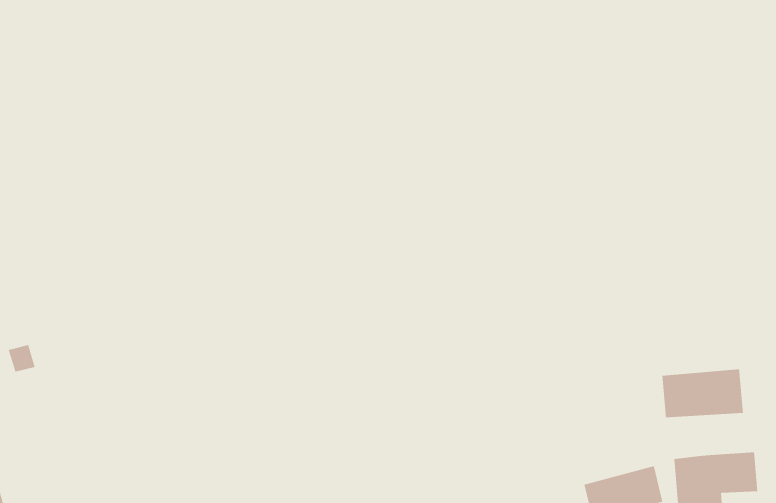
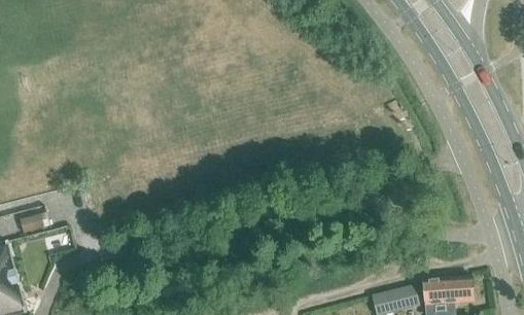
building: [662,369,743,418] -> none

